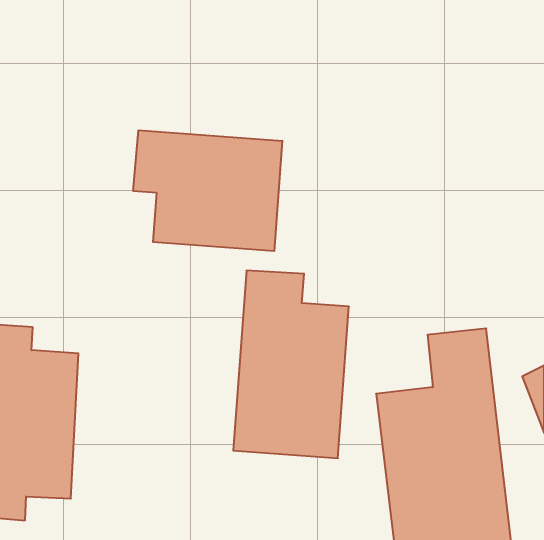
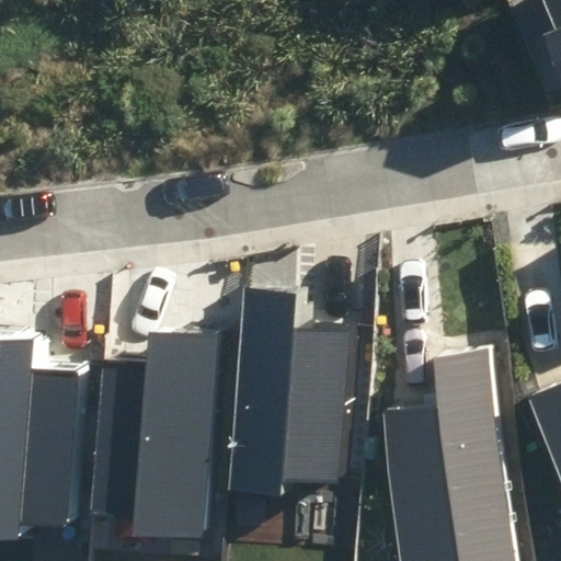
building: [133,130,282,251] -> none
building: none -> [105,330,216,527]

